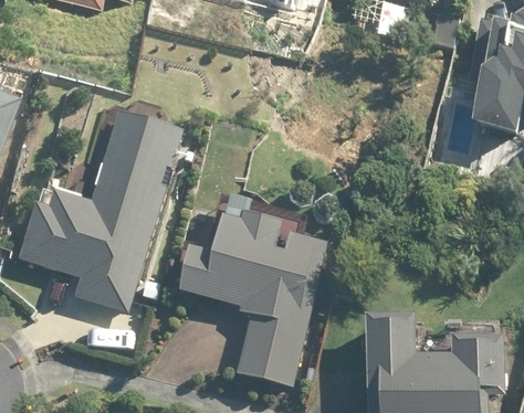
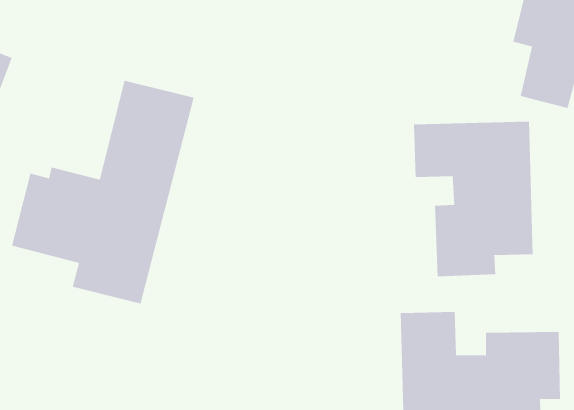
building: none -> [413,121,533,277]
building: [180,211,329,383] -> none

